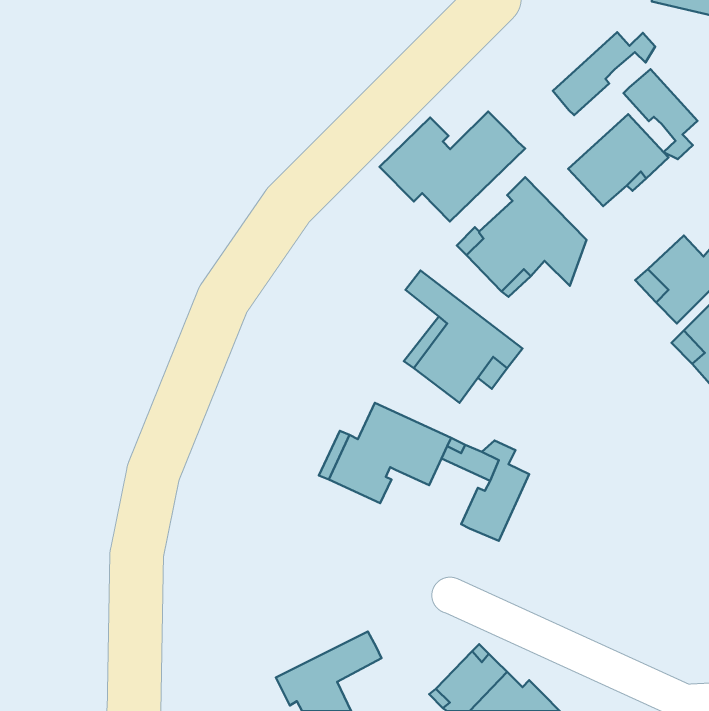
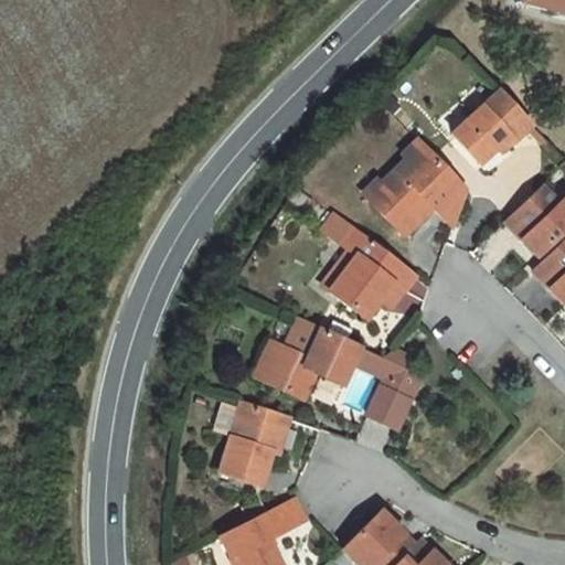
building: [553,32,655,115] -> none
building: [623,69,697,159] -> none
building: [379,112,525,222] -> none
building: none -> [222,403,298,491]

